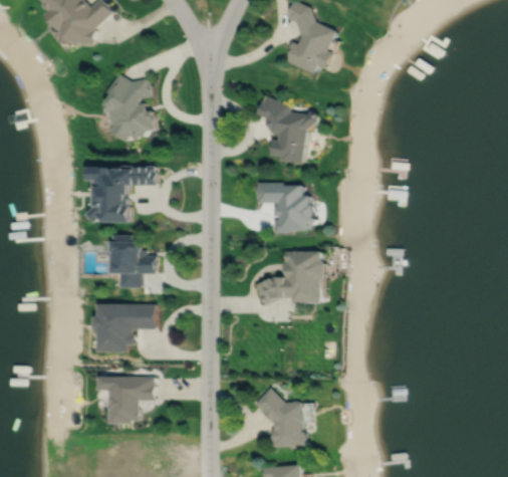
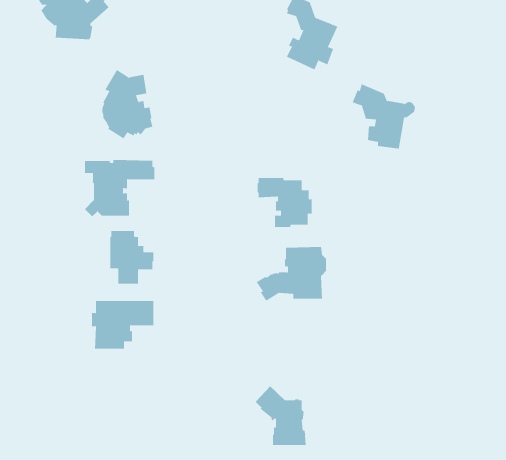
building: [255,96,318,162] -> [352,83,416,149]
building: [108,377,155,424] -> none

